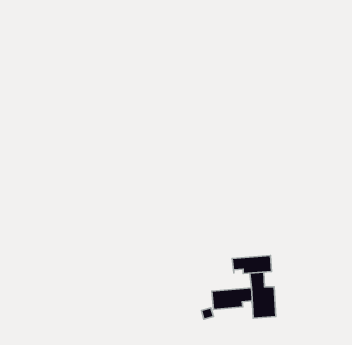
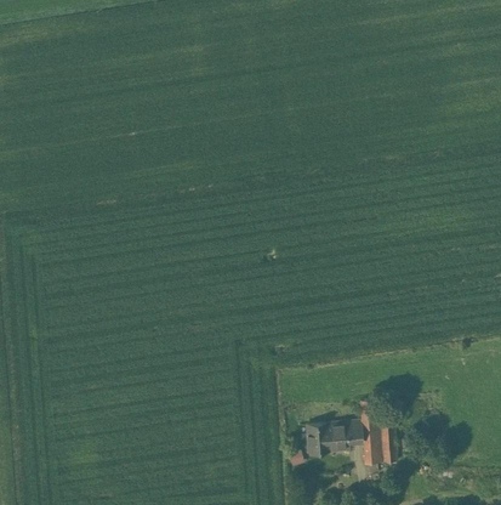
building: [232,256,271,274] -> none

